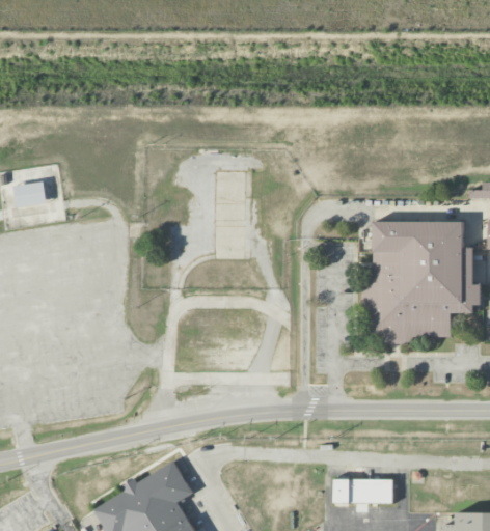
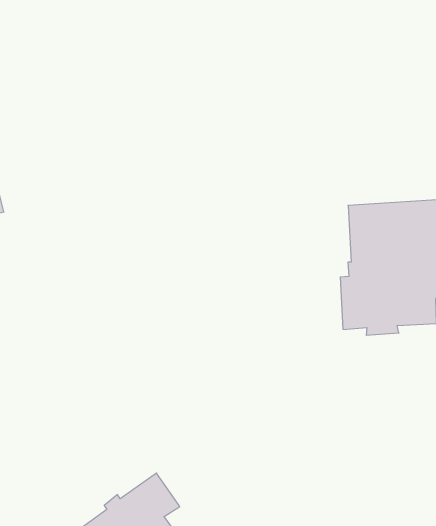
building: [333,479,393,504] -> none

